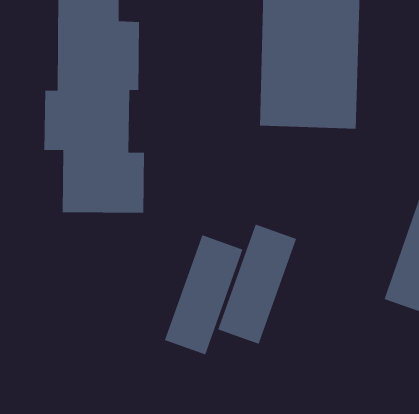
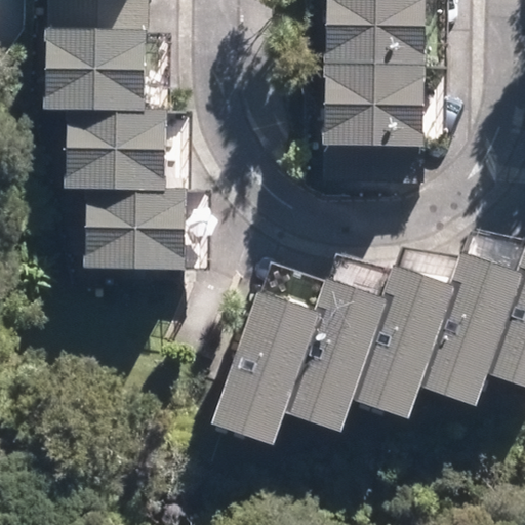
building: none -> [413,254,512,405]
building: none -> [342,266,442,416]

